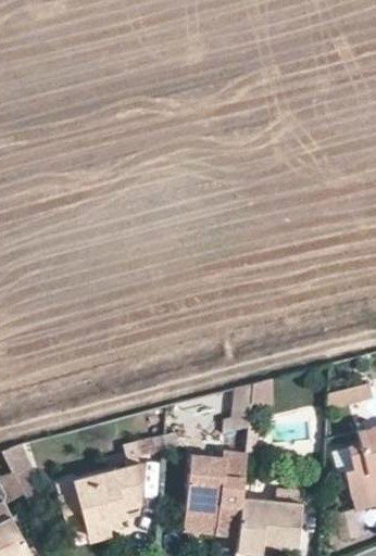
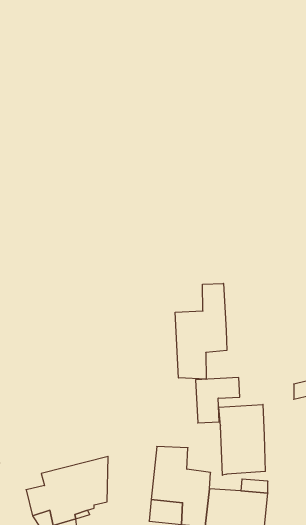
building: none -> [175,283,227,379]
building: none -> [219,404,265,475]

